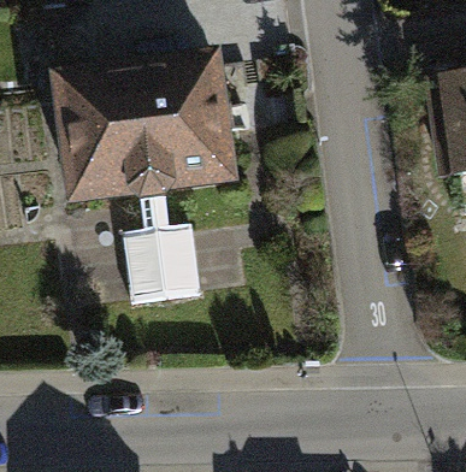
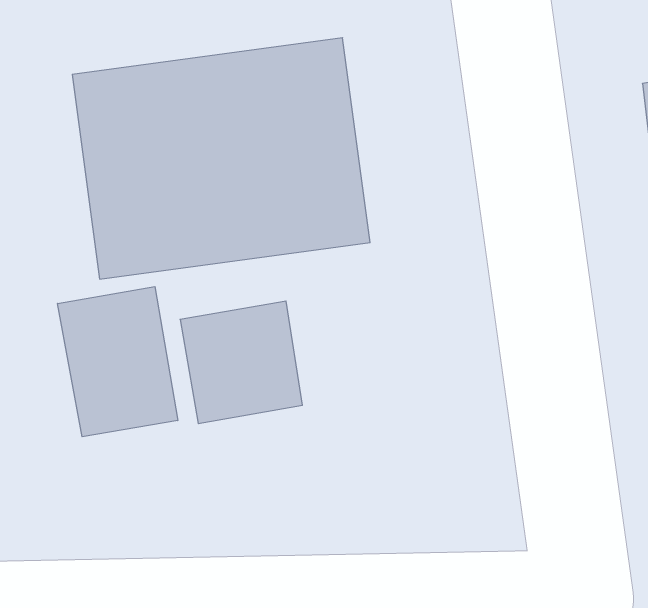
building: none -> [58,287,178,437]

